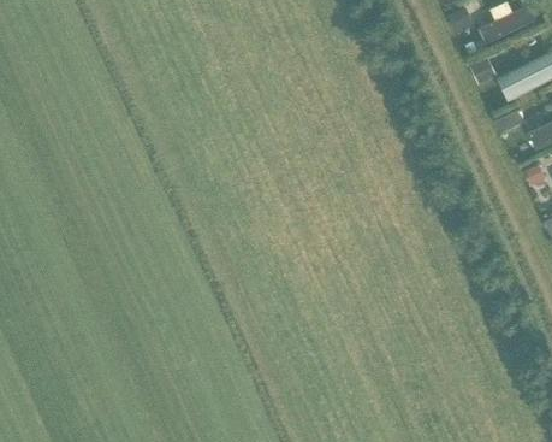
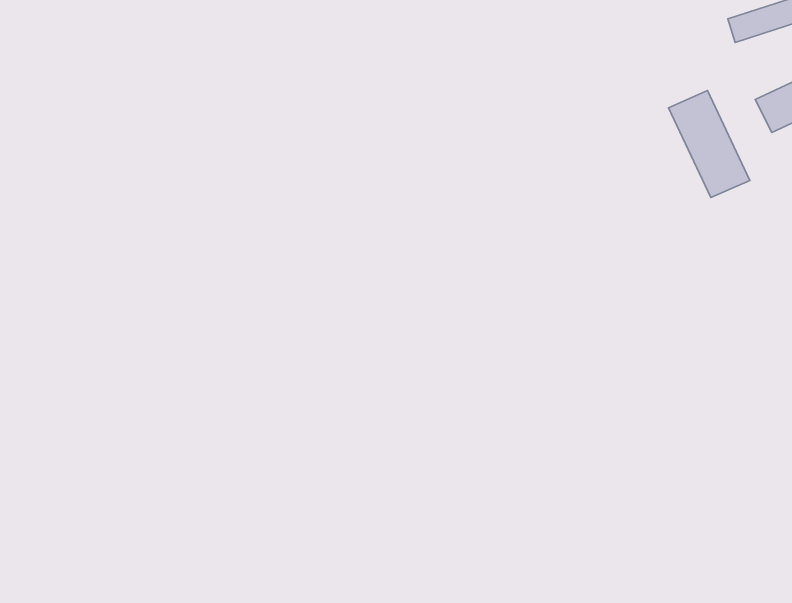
building: none -> [669,91,750,198]

